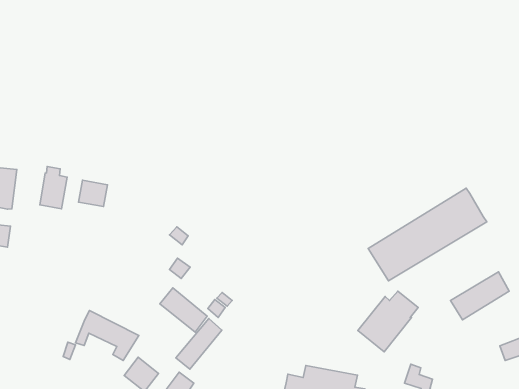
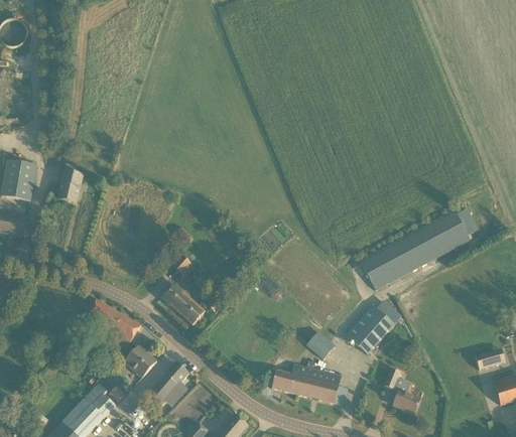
building: [78,180,107,206] -> none
building: [451,272,509,320] -> none
building: [176,319,222,369] -> none
building: none -> [306,330,336,359]

